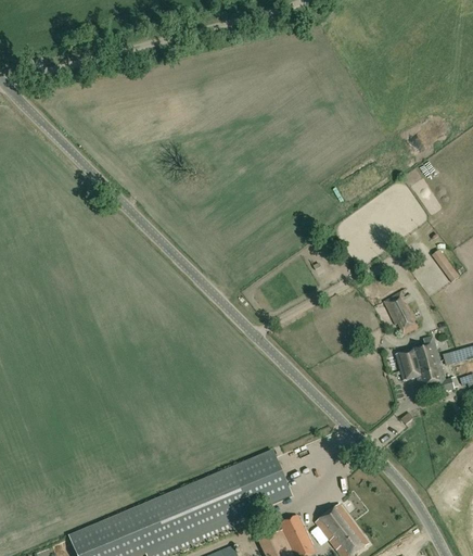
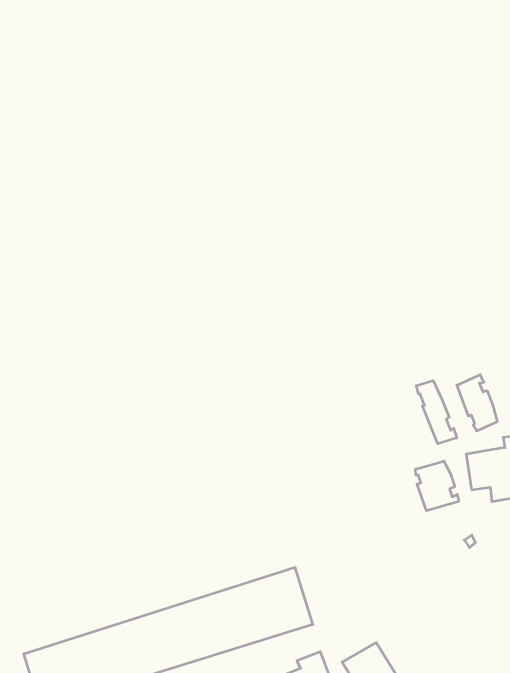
building: none -> [416,381,457,444]
building: none -> [416,461,459,511]

